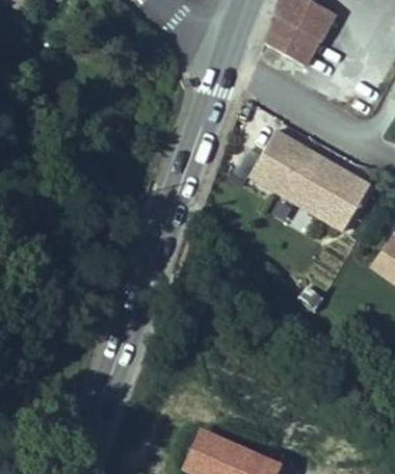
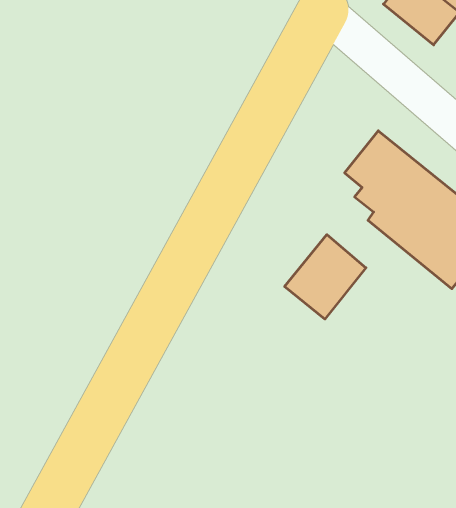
building: none -> [285,235,366,319]

